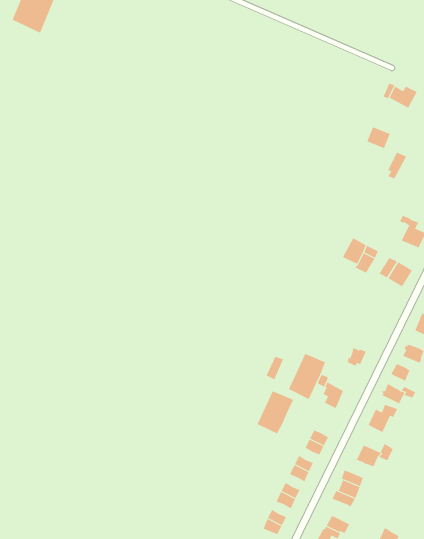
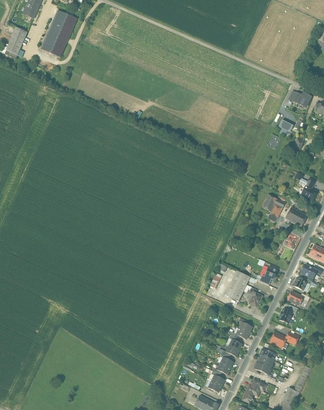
building: [257,391,294,434] -> none

